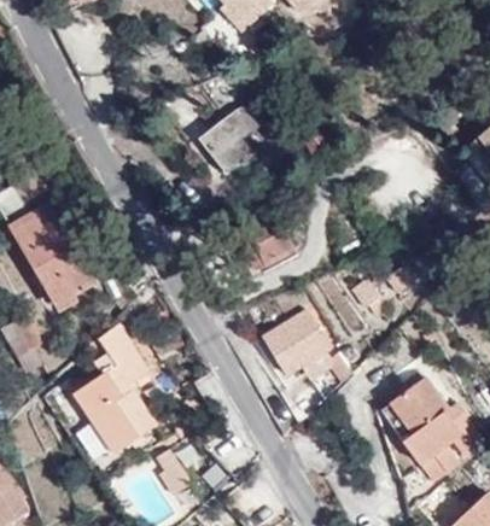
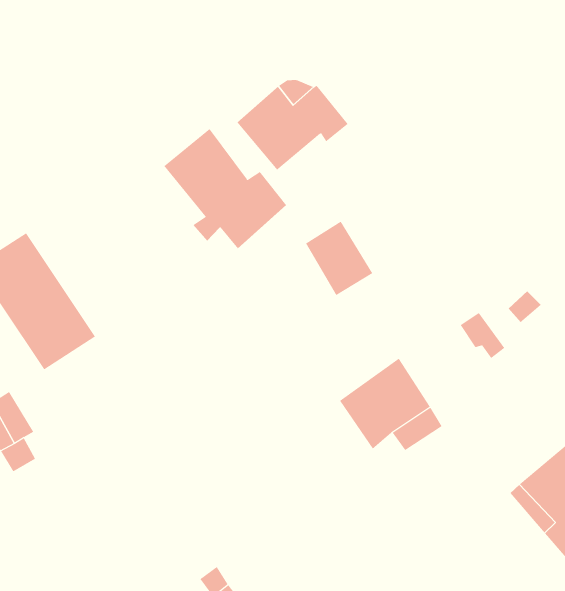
building: none -> [163,128,287,249]
building: [72,322,156,454] -> none

